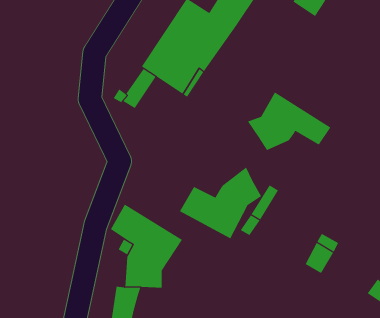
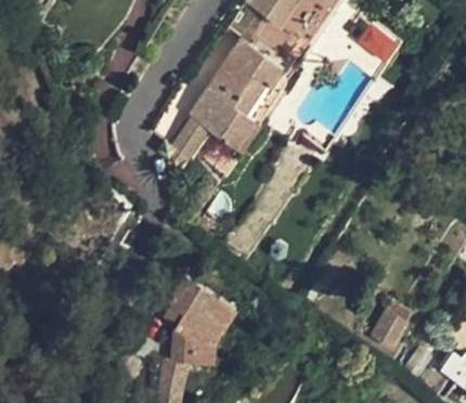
building: [247,91,331,151] -> none
building: [179,167,262,239] -> none

